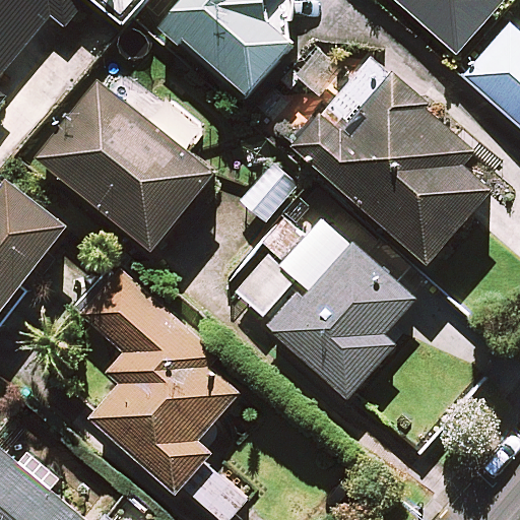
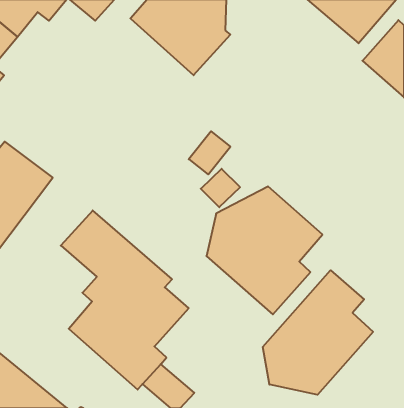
building: [292,59,490,264] -> none
building: [34,79,213,250] -> none
building: none -> [263,270,373,395]

